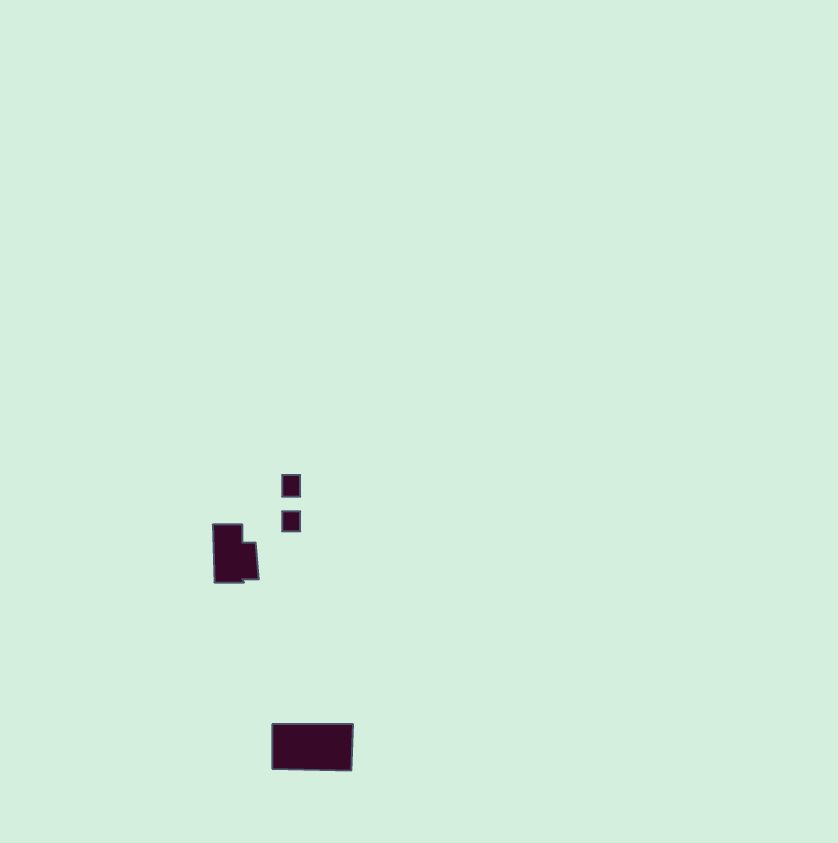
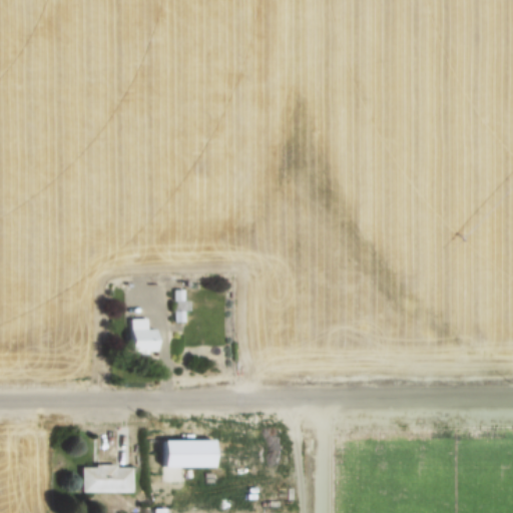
building: none -> [84,465,135,493]

